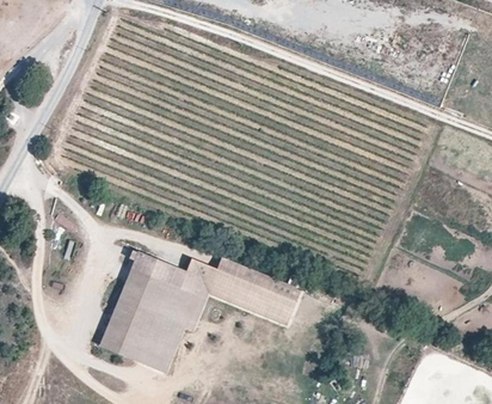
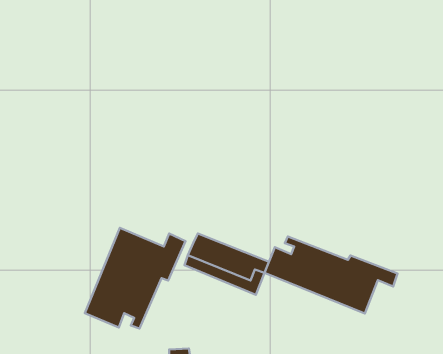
building: none -> [265,237,398,314]
building: [136,265,217,372] -> none

